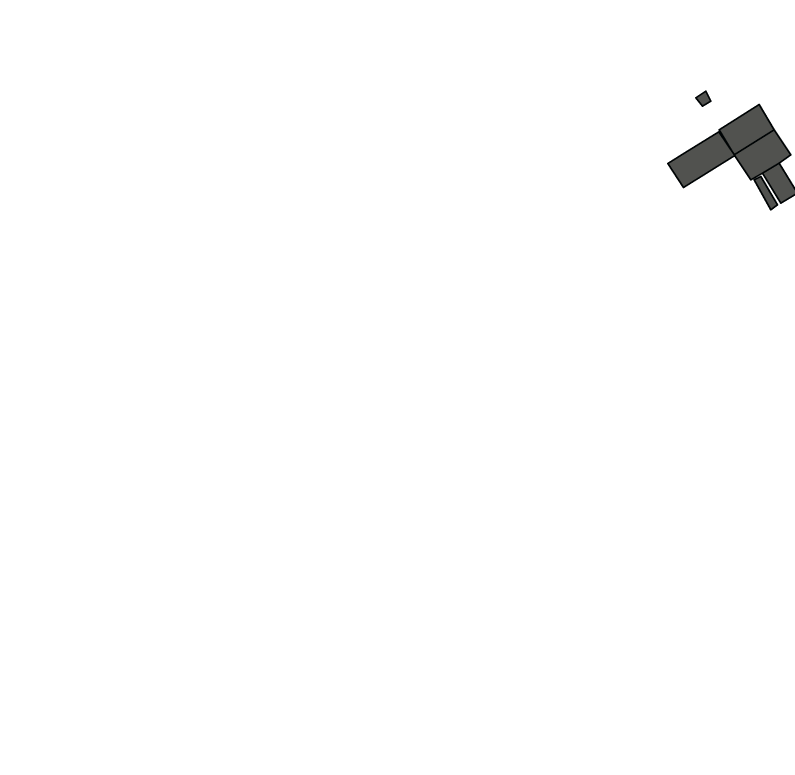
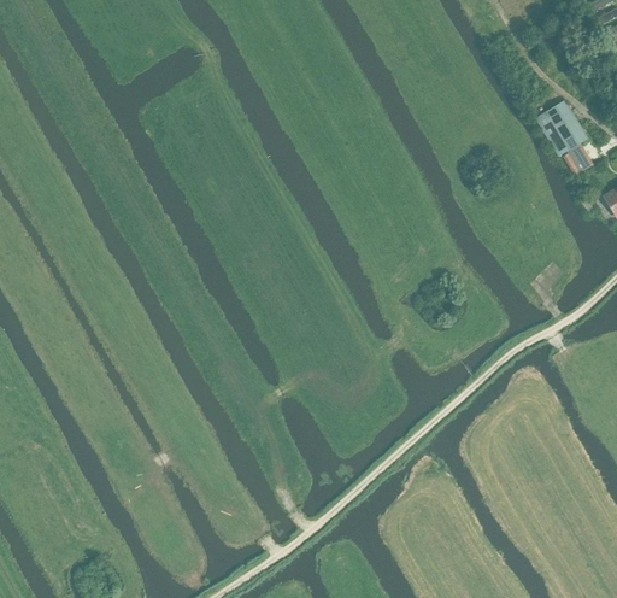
building: [668,132,735,188] -> none

